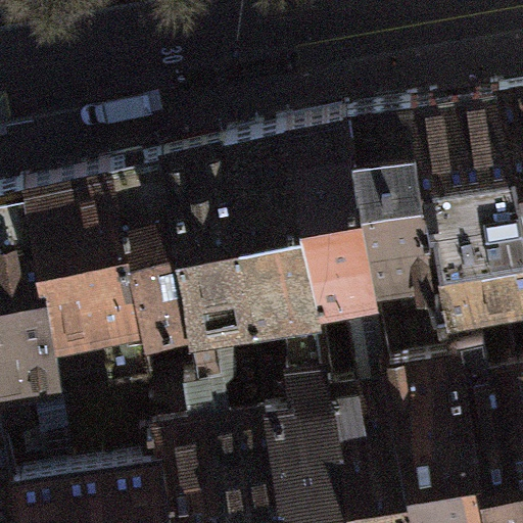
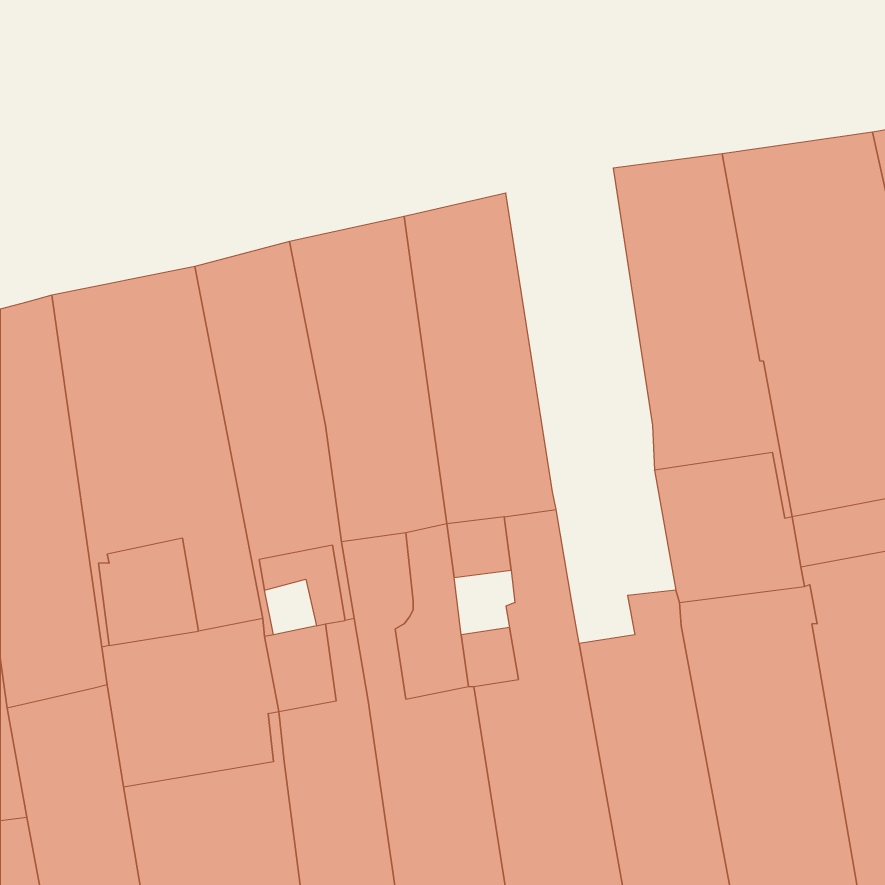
building: [305,112,402,356] -> none

